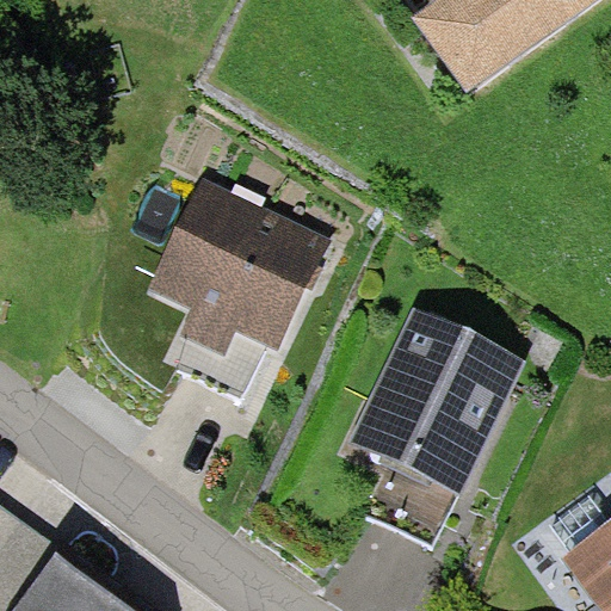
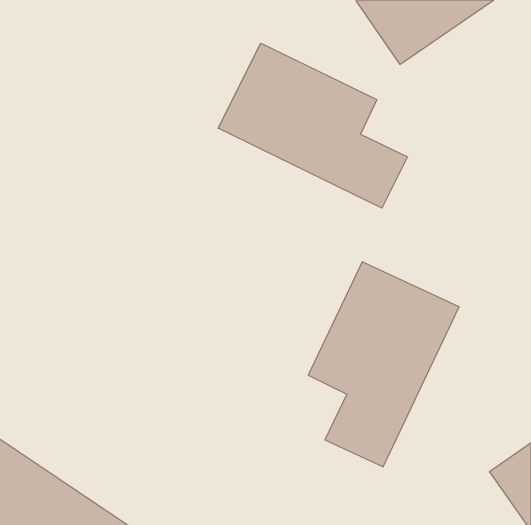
building: none -> [218,43,407,208]
building: [150,179,328,350] -> none

